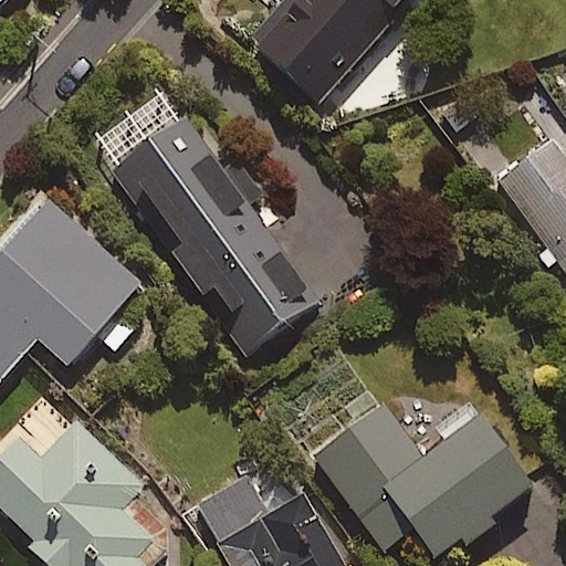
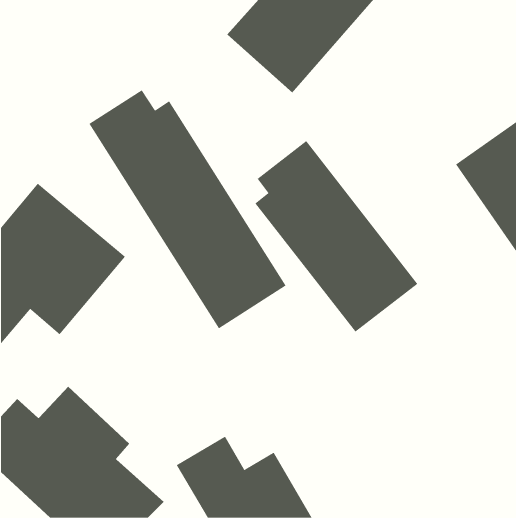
building: none -> [255,140,418,332]
building: [312,401,533,559] -> none

